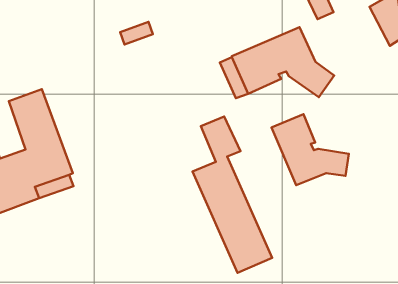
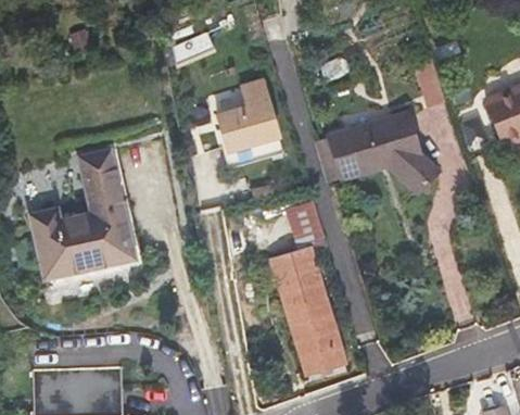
building: none -> [221,83,282,151]
building: [272,114,349,185] -> none

